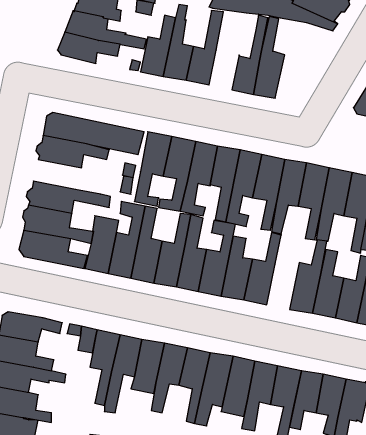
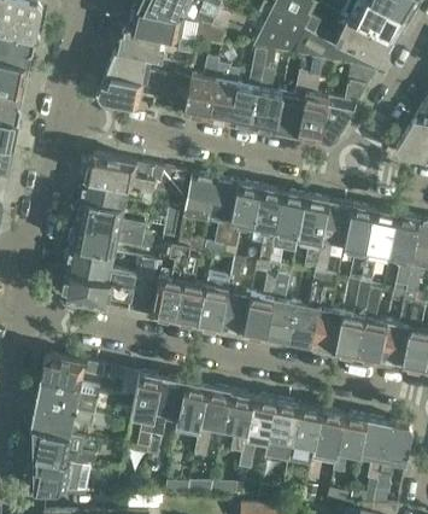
building: none -> [251,52,288,132]
building: none -> [317,64,375,142]
building: none -> [74,201,145,236]
building: none -> [309,278,339,352]

